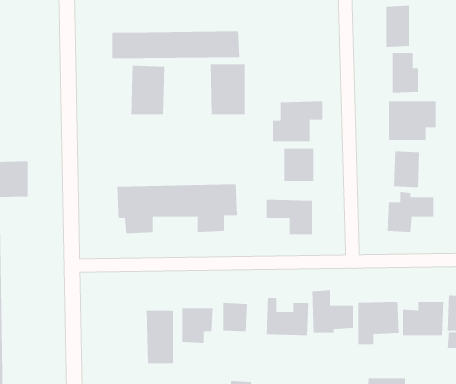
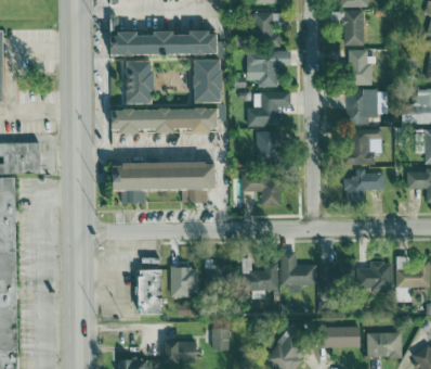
building: none -> [252,12,280,46]
building: none -> [246,51,290,87]
building: none -> [110,107,219,132]

